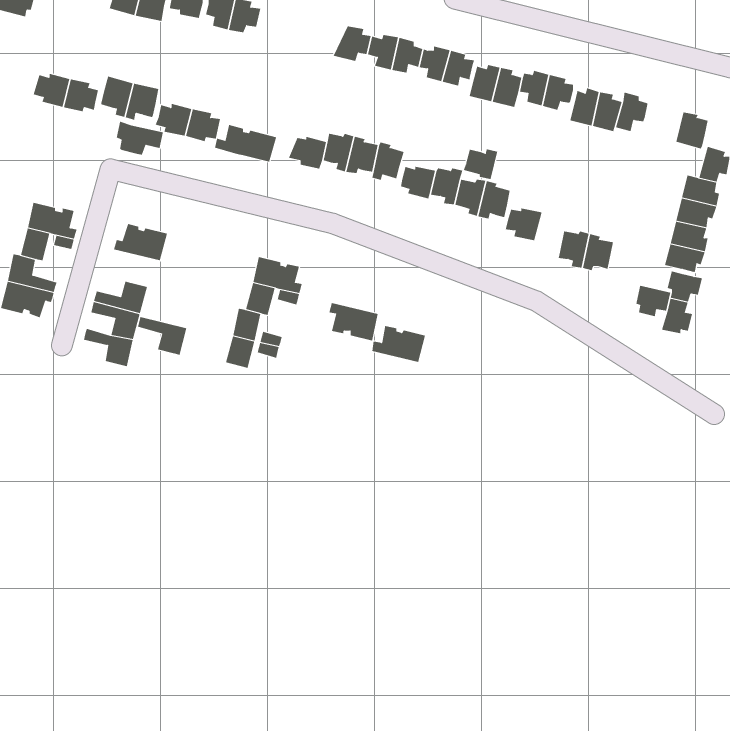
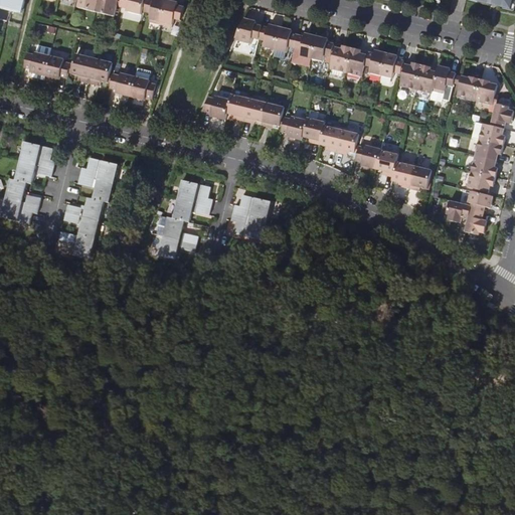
building: none -> [456,75,479,100]
building: [116,121,163,155] -> none
building: [215,124,277,163] -> none
building: [463,149,498,180] -> none
building: none -> [375,150,398,177]
building: [137,317,187,355] -> [77,175,113,202]
building: [371,325,426,363] -> [232,194,271,220]

